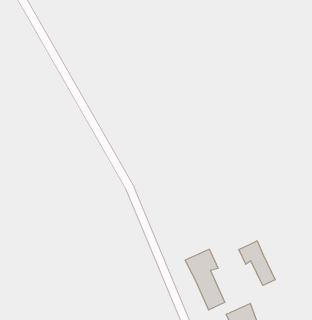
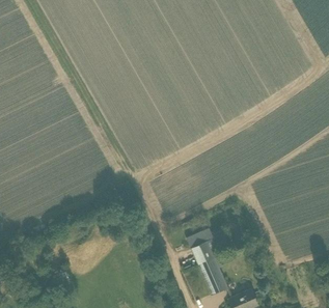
building: [239,241,275,285] -> none

